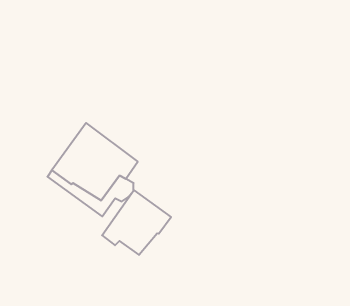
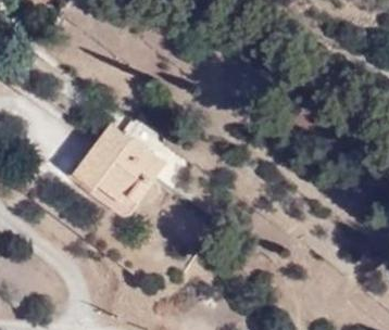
building: [102,190,171,255] -> none

